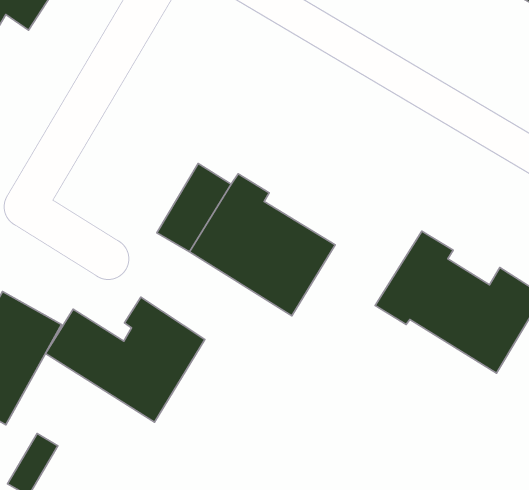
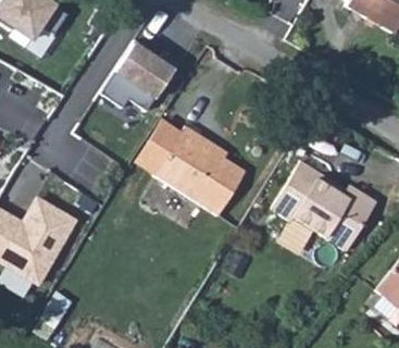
building: none -> [100,40,179,111]
building: [45,297,205,422] -> none

